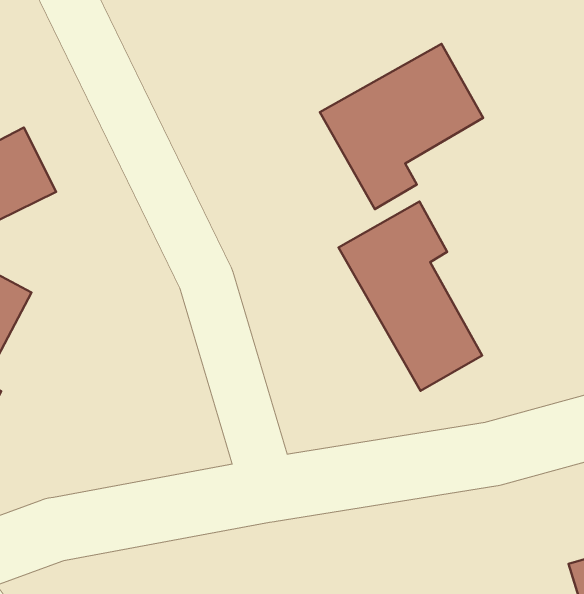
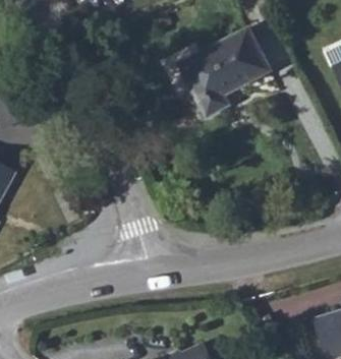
building: [338,202,482,391] -> none

